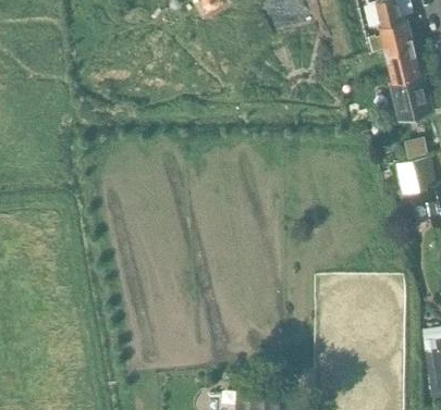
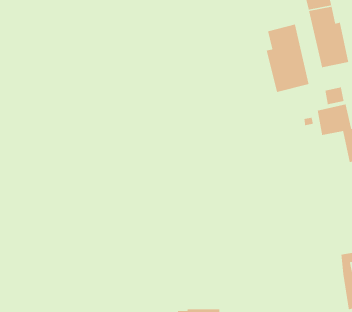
building: none -> [266,24,310,93]

